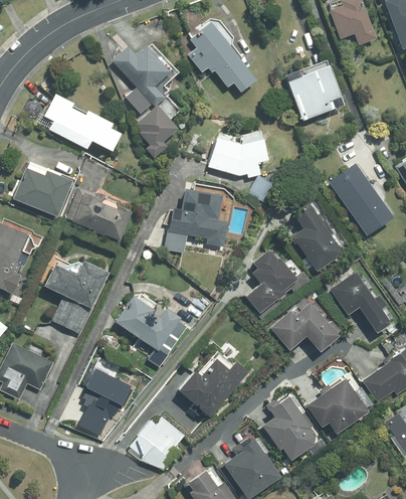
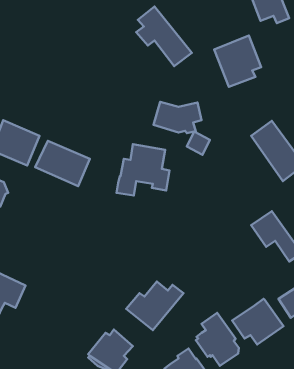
building: [114,45,179,157] -> none
building: [37,93,126,152] -> none
building: [291,202,343,272] -> none
building: [247,251,296,313] -> none
building: [44,261,107,334] -> none
building: [116,297,181,351] -> none
building: [269,297,339,352] -> none
building: [80,369,132,435] -> none

